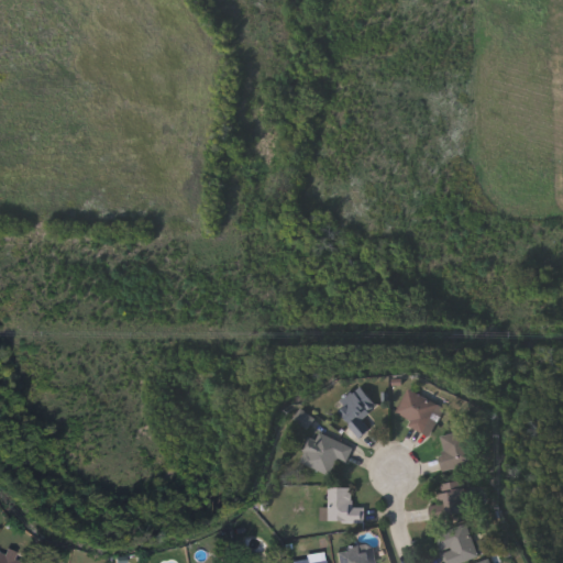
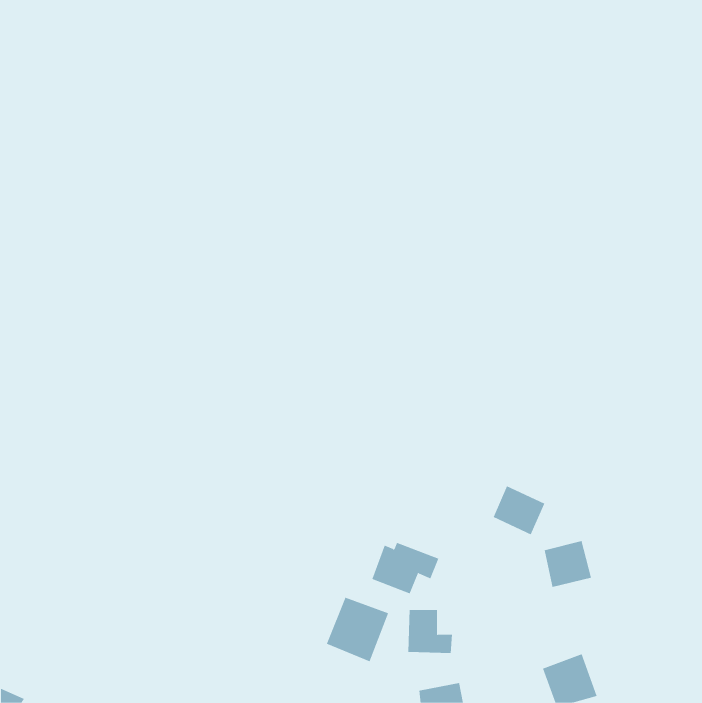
building: [333,385,376,437] -> none
building: none -> [326,597,389,662]
building: [428,481,467,521] -> none

